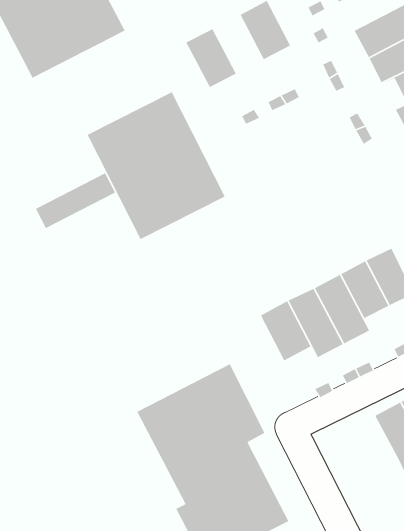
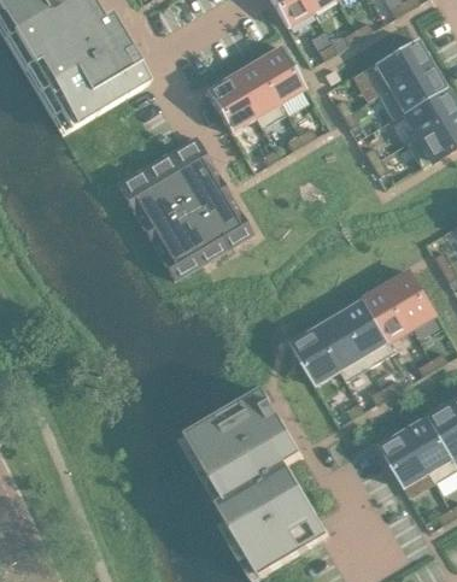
building: none -> [229,60,285,127]
building: [35,172,116,229] -> none
building: none -> [377,430,428,486]

